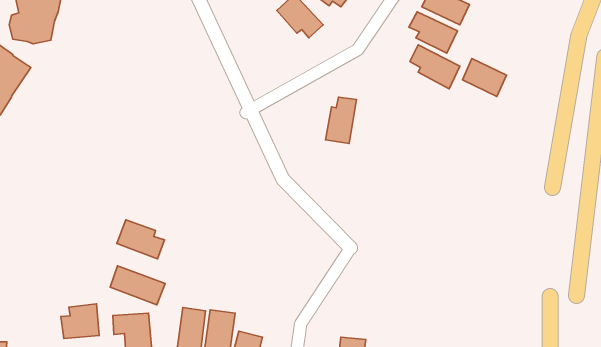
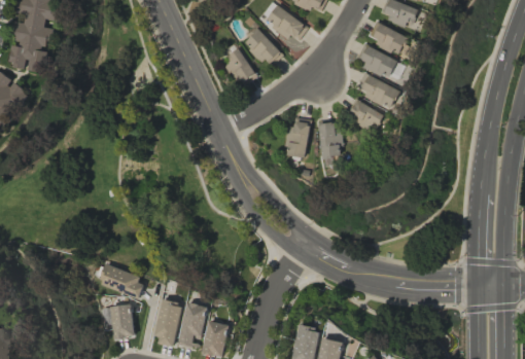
building: none -> [224,47,255,86]
building: [462,59,506,97] -> [346,99,384,132]
building: none -> [318,121,342,157]
building: [117,220,165,259] -> none
building: [61,304,99,339] -> none

